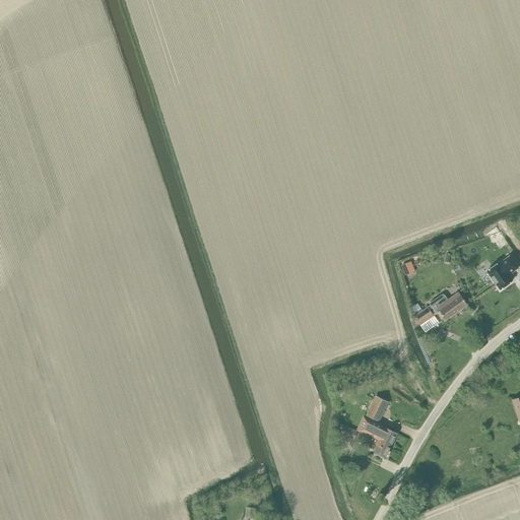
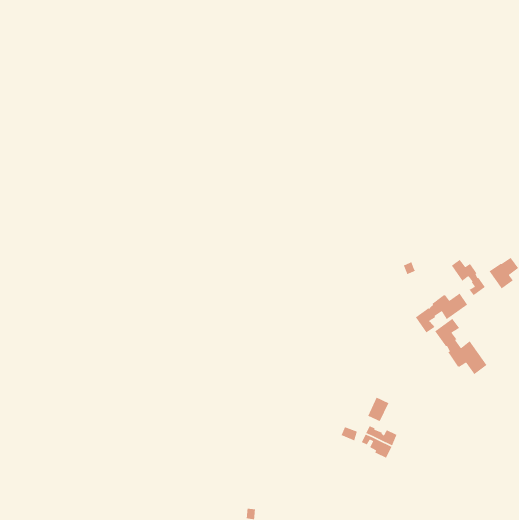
building: none -> [451,259,486,296]
building: none -> [434,318,488,375]

